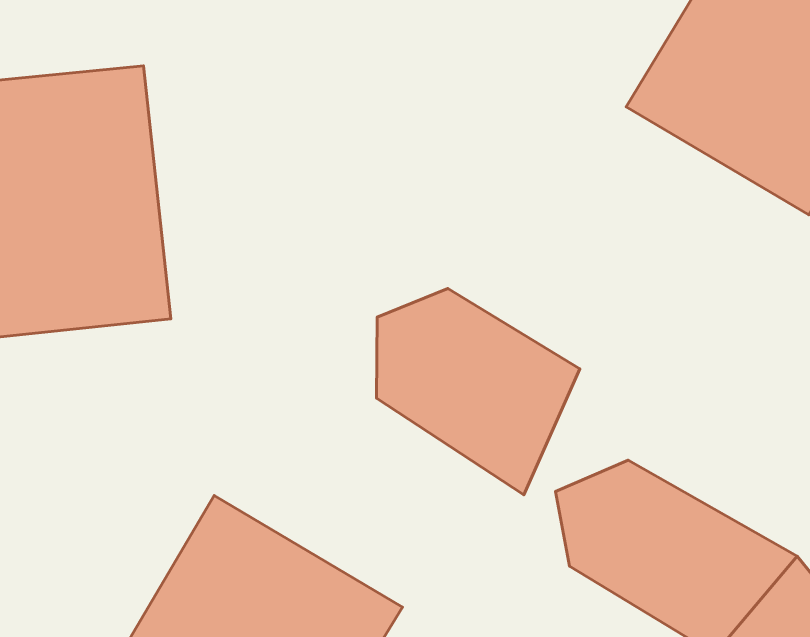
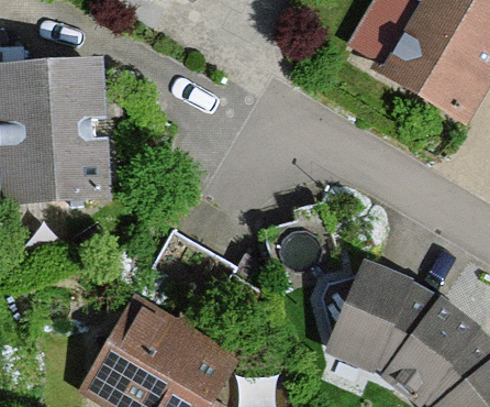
building: [376,289,580,495] -> none

